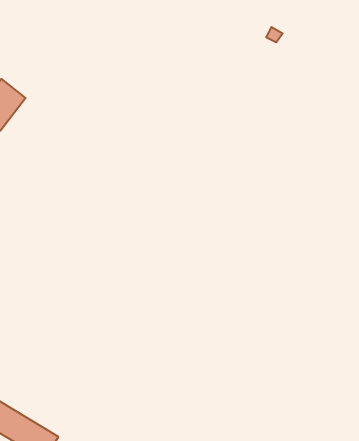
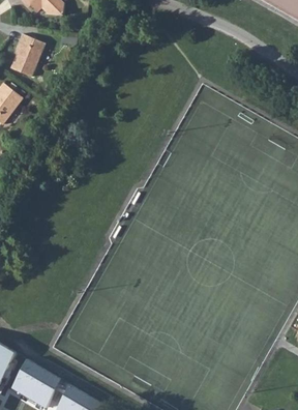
building: none -> [11,33,47,77]

